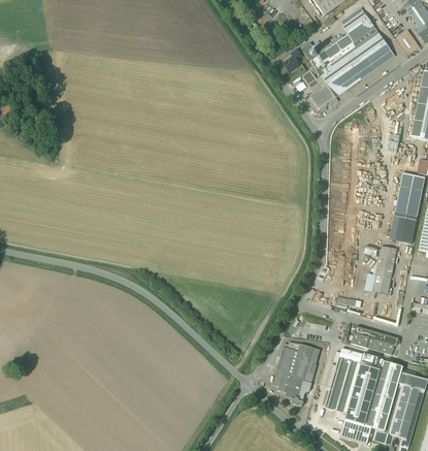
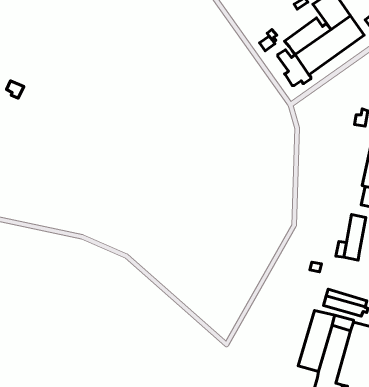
building: [272,342,320,406] -> none

